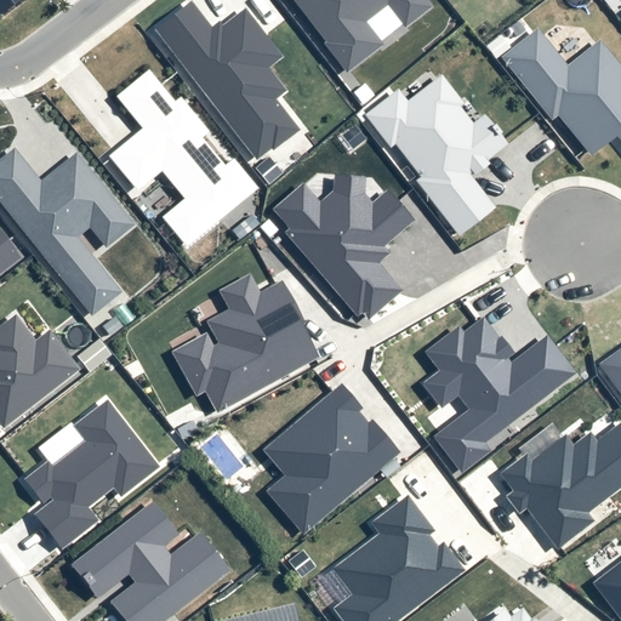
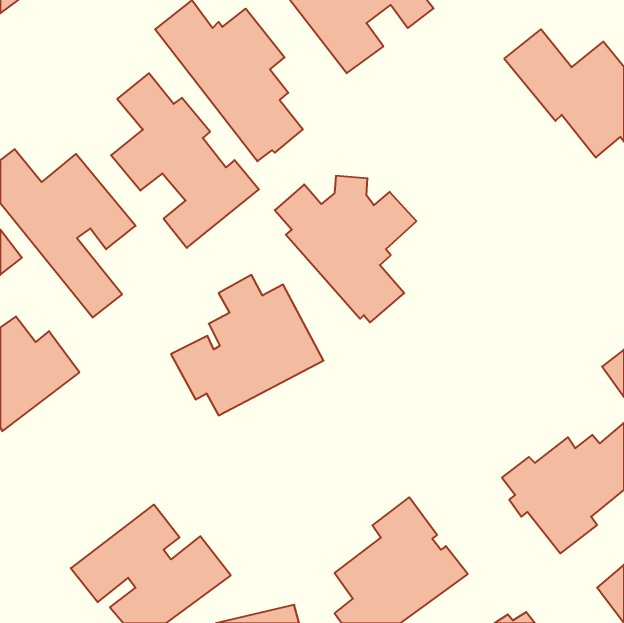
building: [365,75,507,235] -> none
building: [420,318,575,472] -> none
building: [262,384,400,535] -> none
building: [24,399,159,546] -> none

